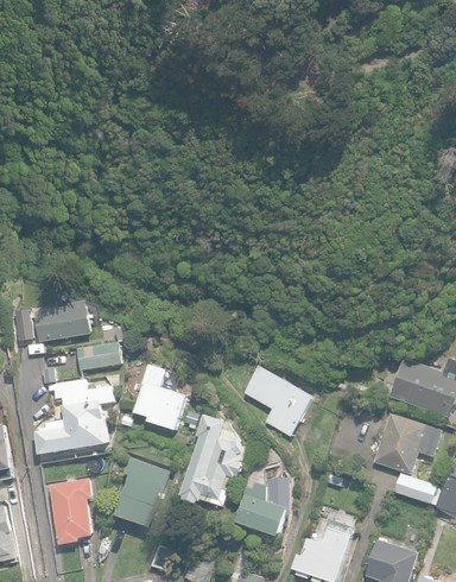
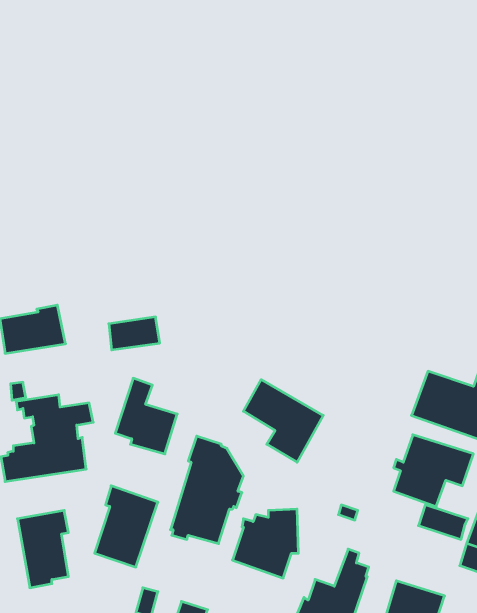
building: [77,341,121,369] -> [109,317,160,350]

